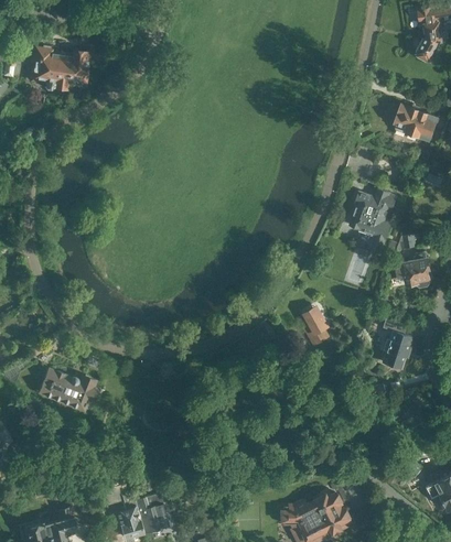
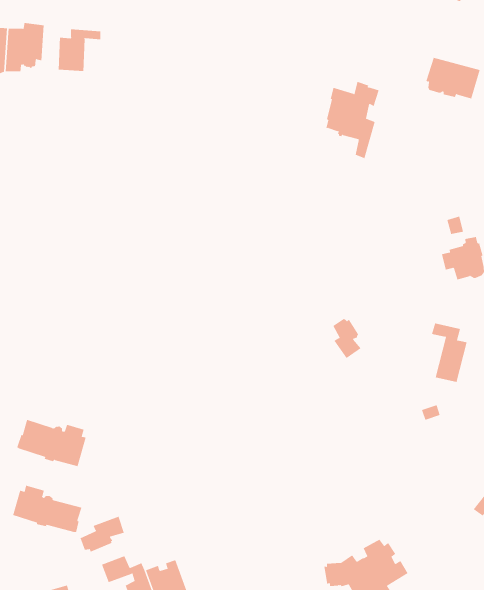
building: none -> [58,29,101,72]
building: [351,189,397,253] -> [325,81,380,159]
building: none -> [12,485,82,533]
building: none -> [80,516,125,552]

